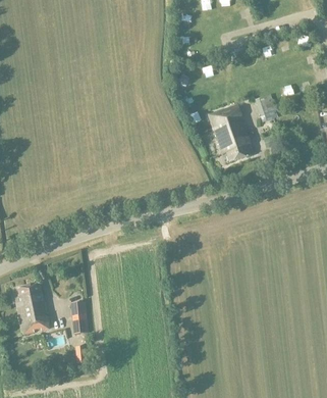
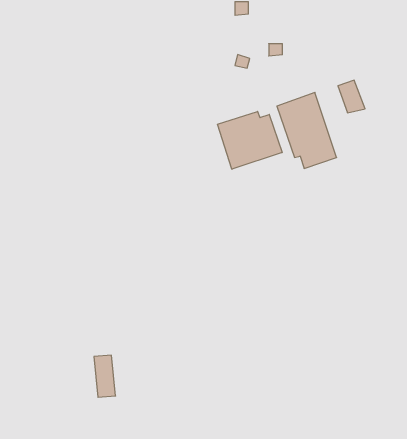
building: none -> [218,111,282,169]
building: [15,283,48,333] -> none

